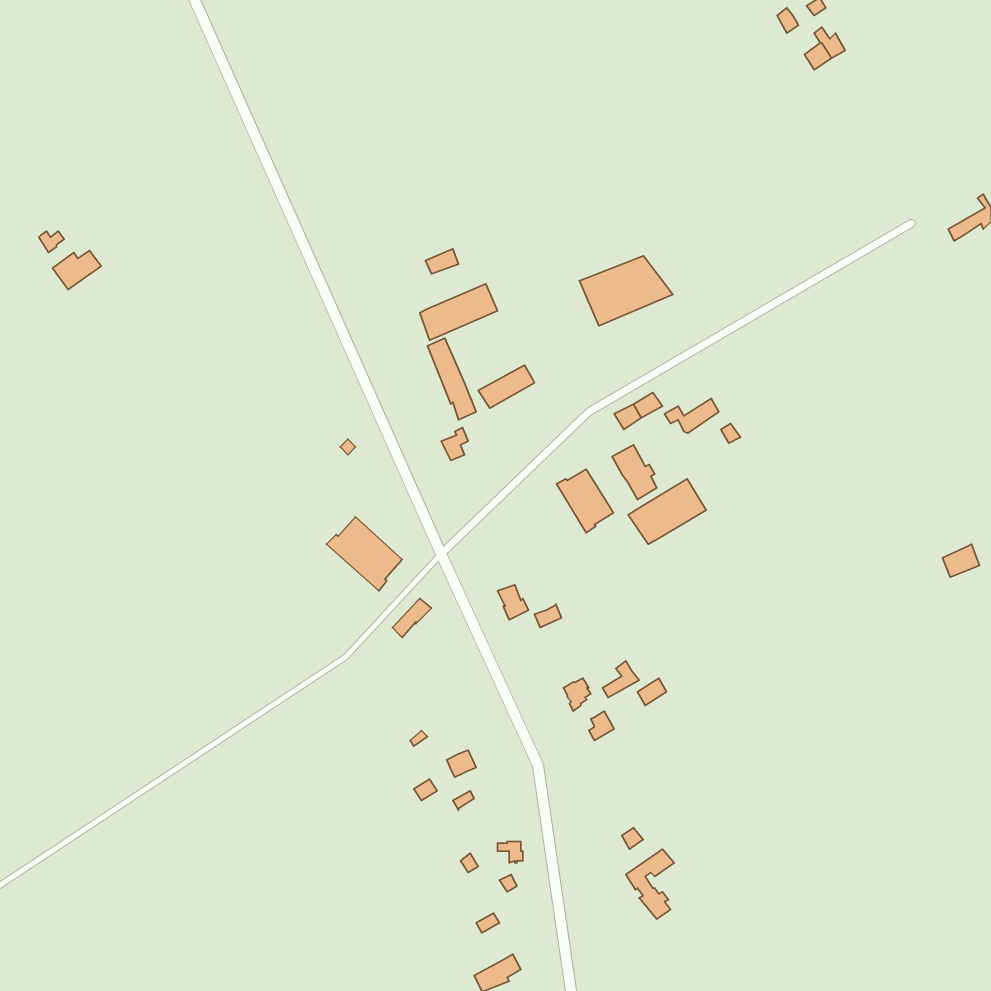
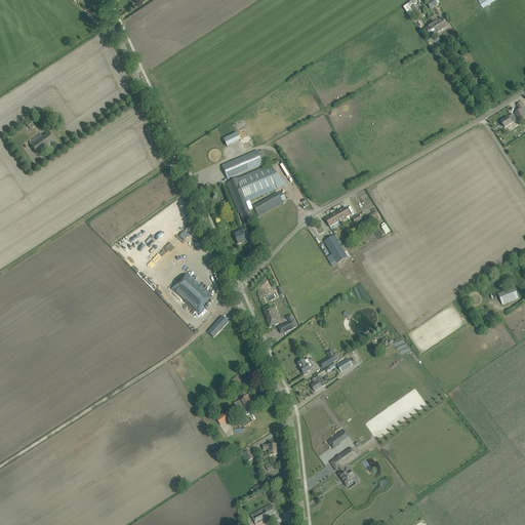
building: [579,256,673,326] -> [235,165,284,202]
building: [557,469,613,533] -> none
building: [628,479,706,544] -> none

